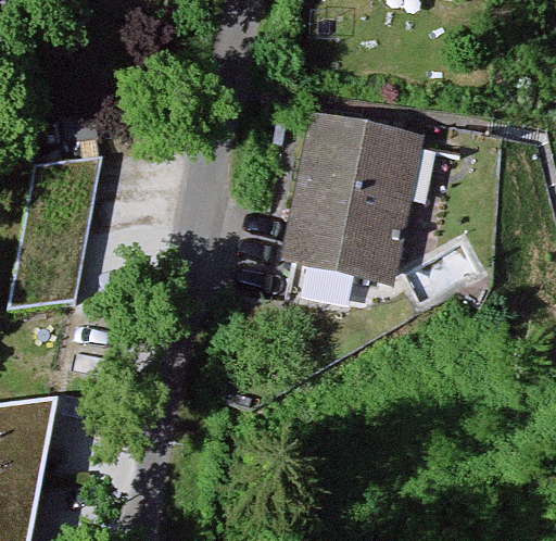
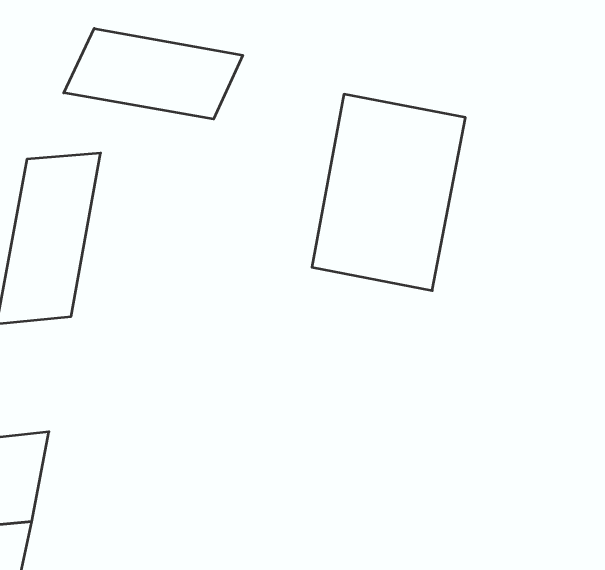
building: none -> [64,28,243,119]

